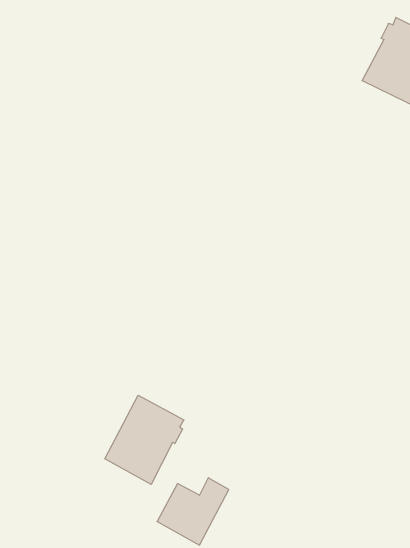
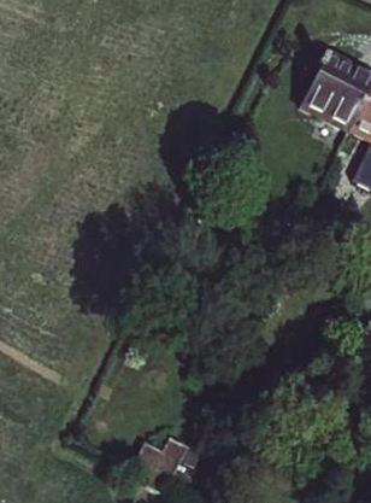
building: [105,395,184,484] -> none

